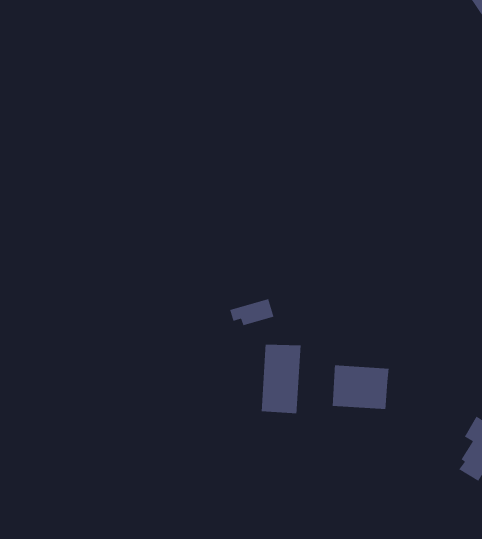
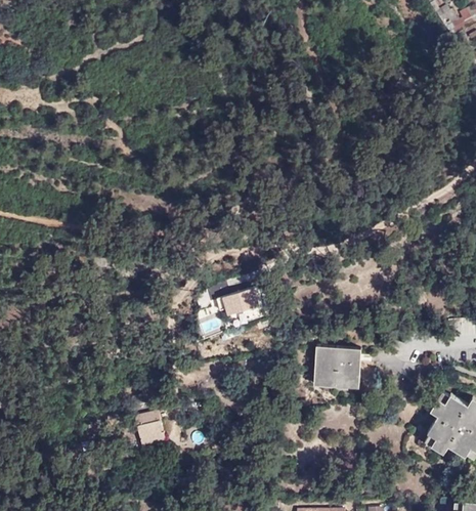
building: [261,344,301,414] -> none
building: none -> [136,410,166,444]

